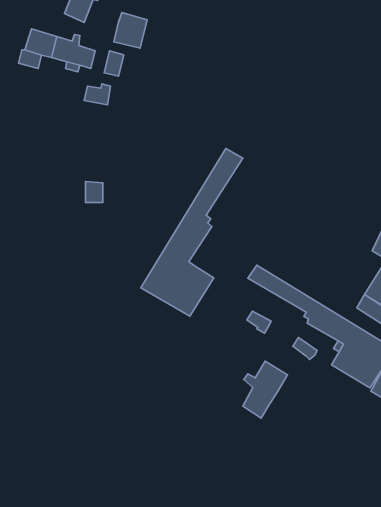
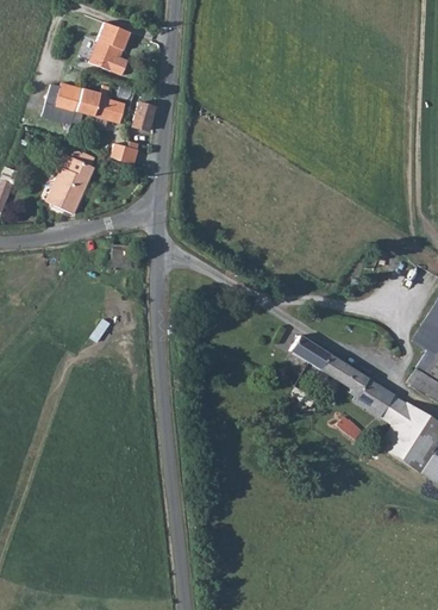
building: [114,13,147,48] -> none
building: none -> [56,149,95,213]
building: [141,149,243,316] -> none
building: [243,361,287,418] -> none

